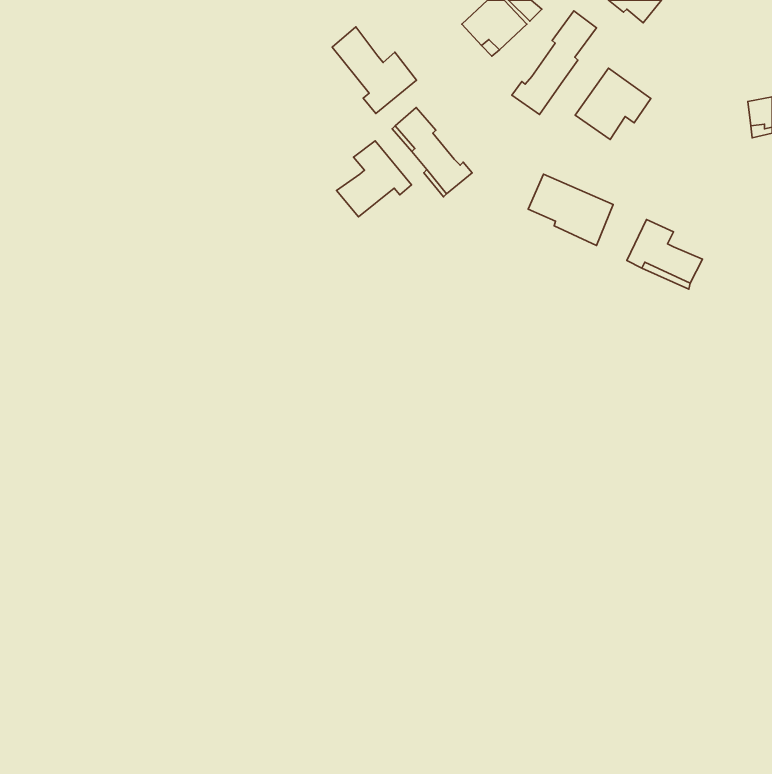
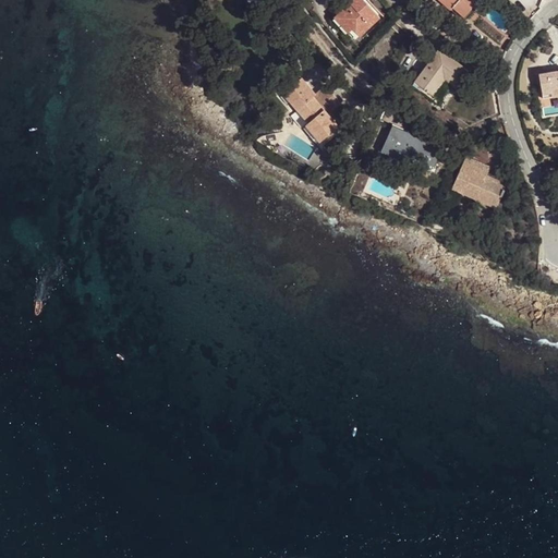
building: [512,11,596,115] -> none
building: [332,27,416,113] -> none
building: [337,141,411,217] -> none

